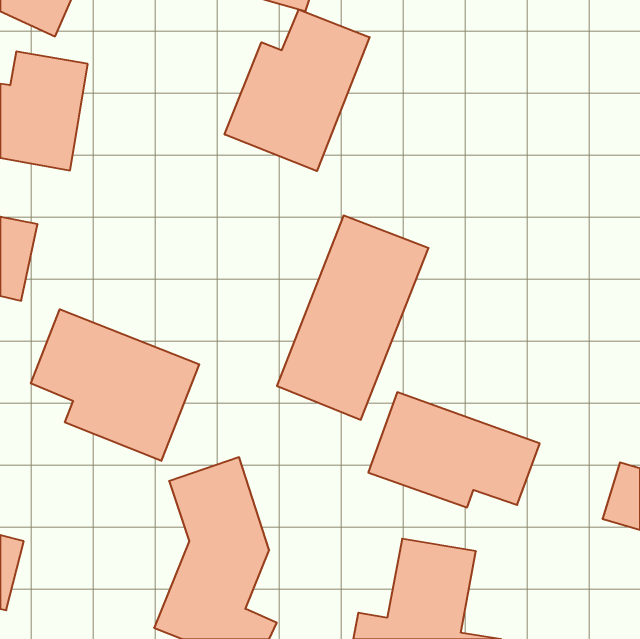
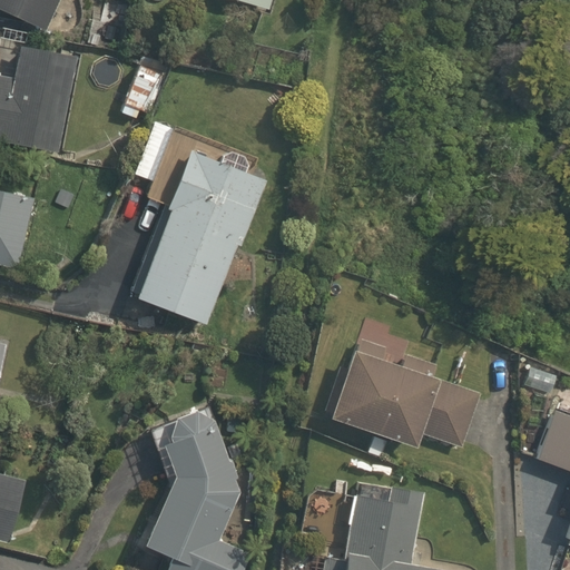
building: [225,10,370,171] -> none
building: [277,216,429,420] -> [131,149,266,331]
building: [31,309,199,461] -> none

